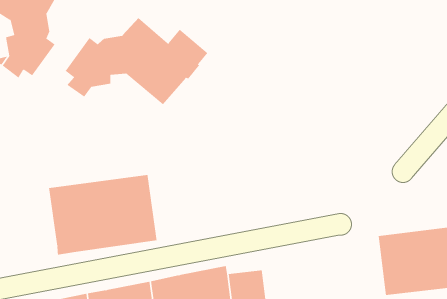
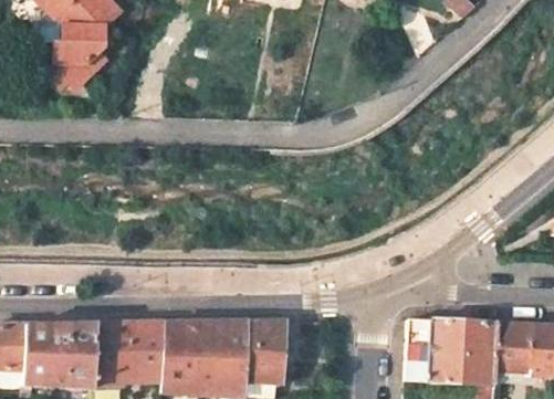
building: [65,17,208,105] -> none
building: [48,174,157,255] -> none

